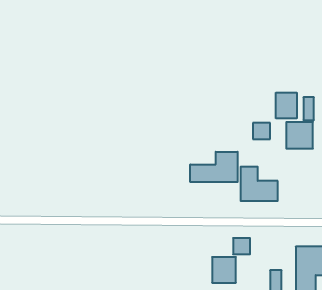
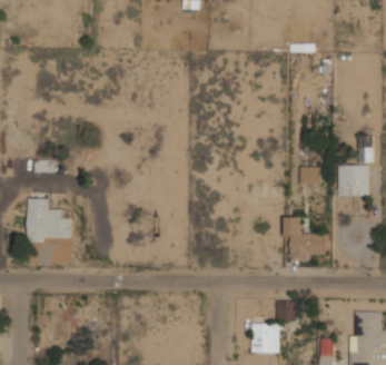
building: [276,93,297,118] -> none
building: none -> [27,199,70,241]
building: [190,152,238,182] -> none

